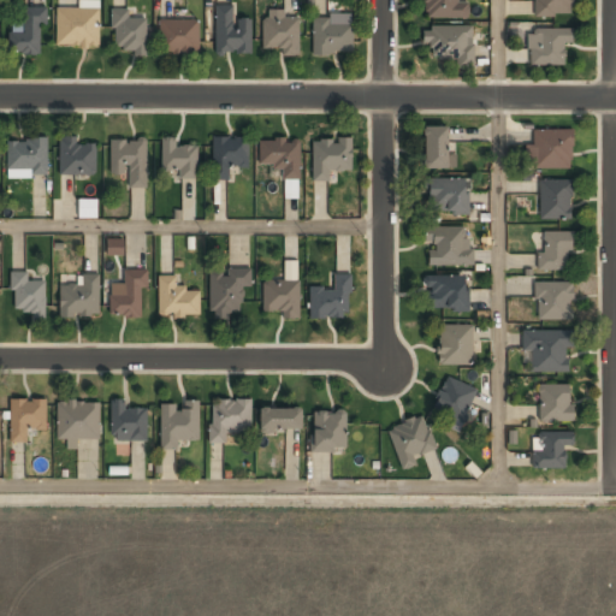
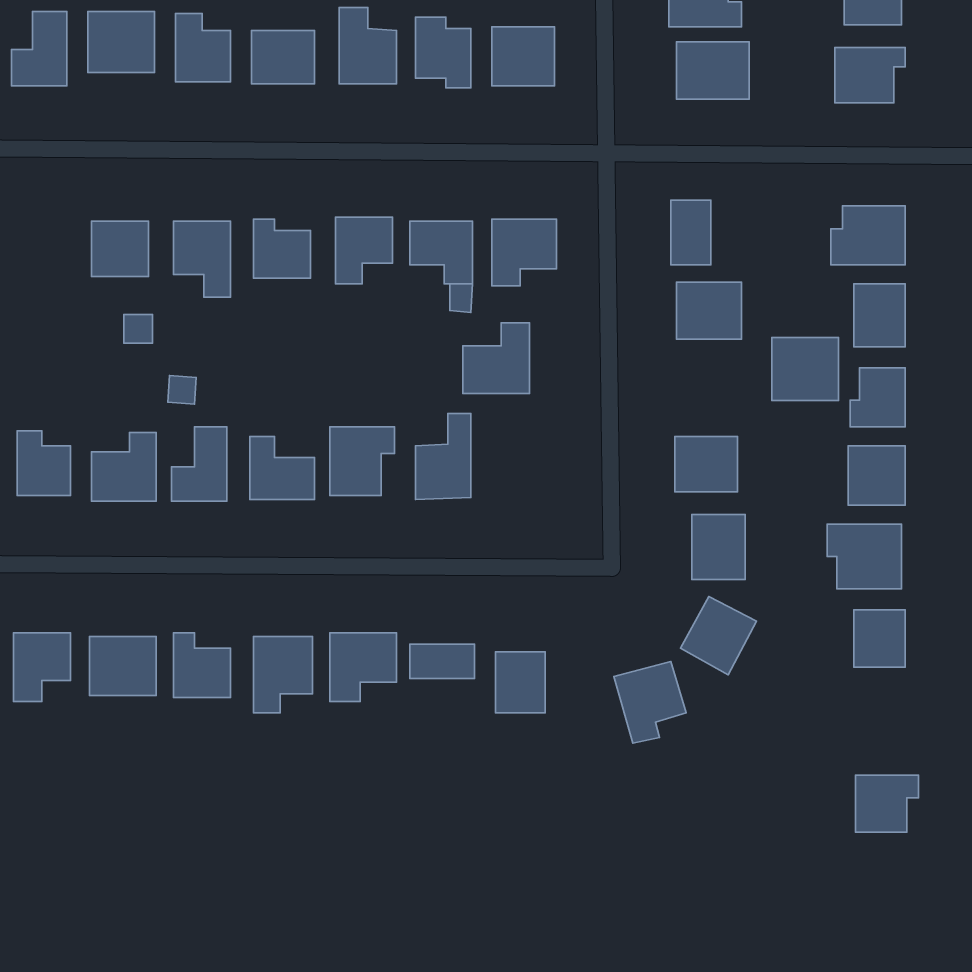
building: [7,138,47,173] -> none
building: [427,226,469,266] -> [772,338,838,401]
building: [309,273,351,318] -> [463,323,530,393]
building: [533,432,573,468] -> [856,775,918,832]

